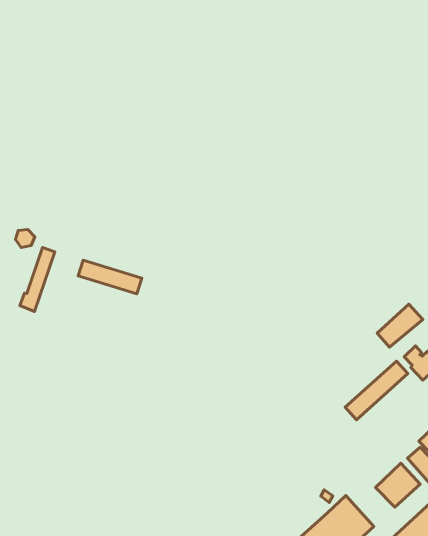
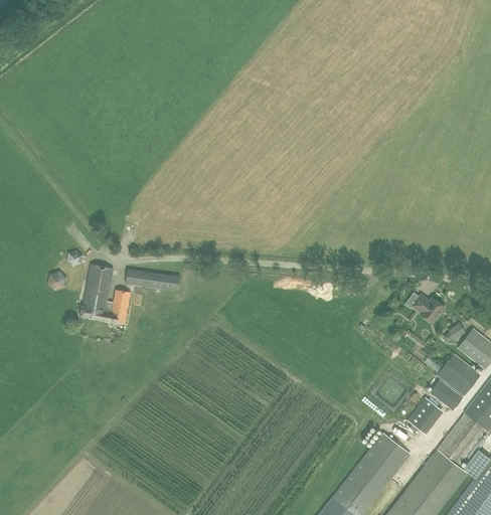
building: none -> [93,266,130,324]
building: [377,304,423,347] -> none
building: [345,361,408,420] -> none

